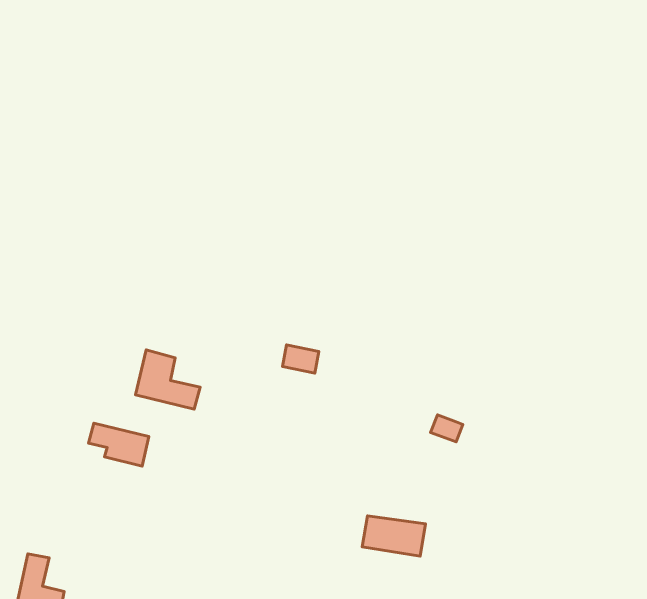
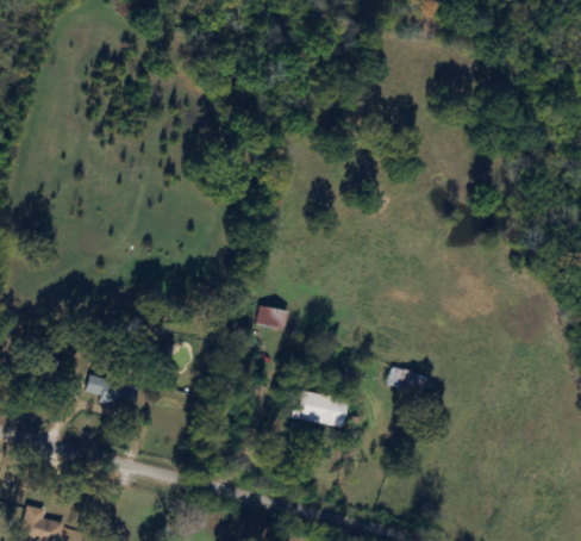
building: [136,350,200,409] -> none
building: [362,516,425,556] -> [294,391,350,427]

